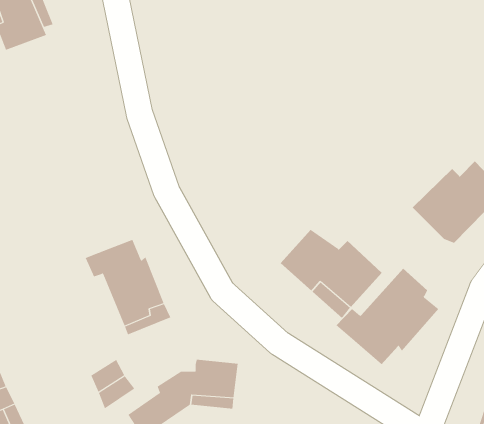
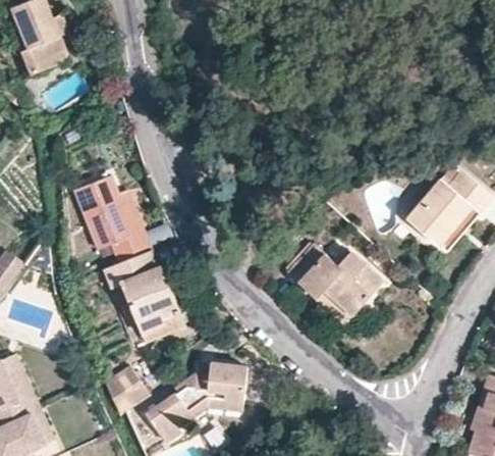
building: none -> [73,174,149,262]
building: [336,268,439,365] -> none

